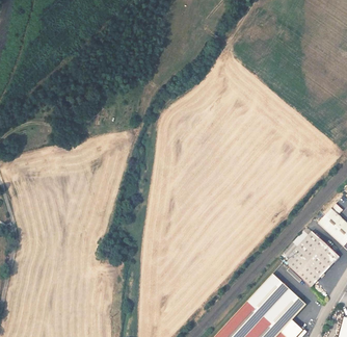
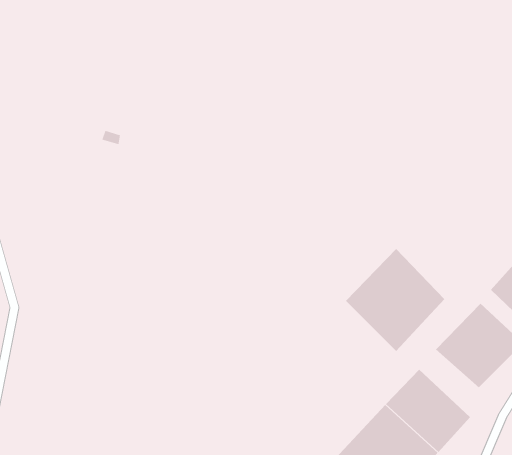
building: none -> [345,248,445,352]

